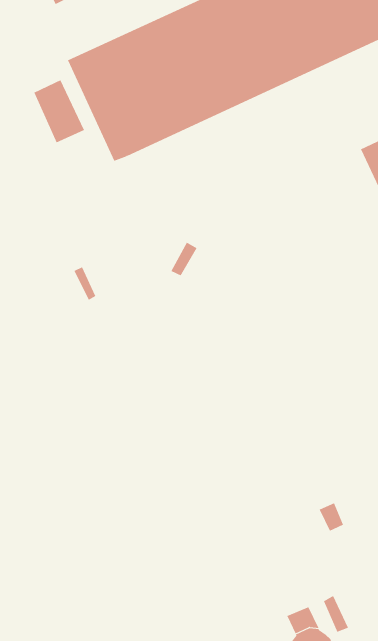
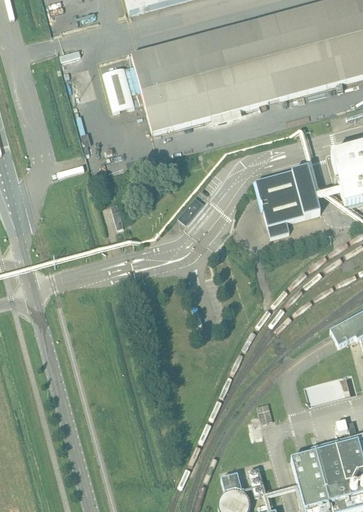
building: none -> [255,164,320,234]

